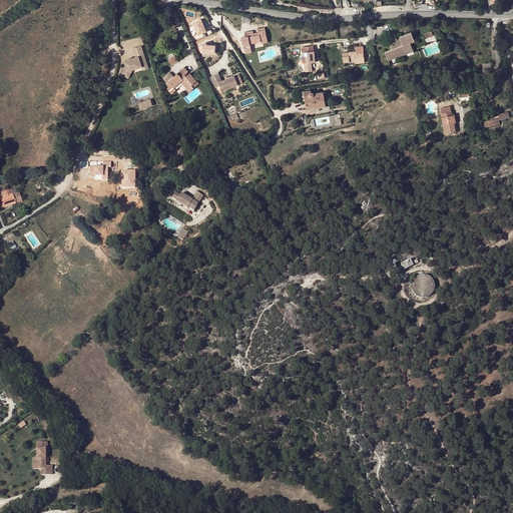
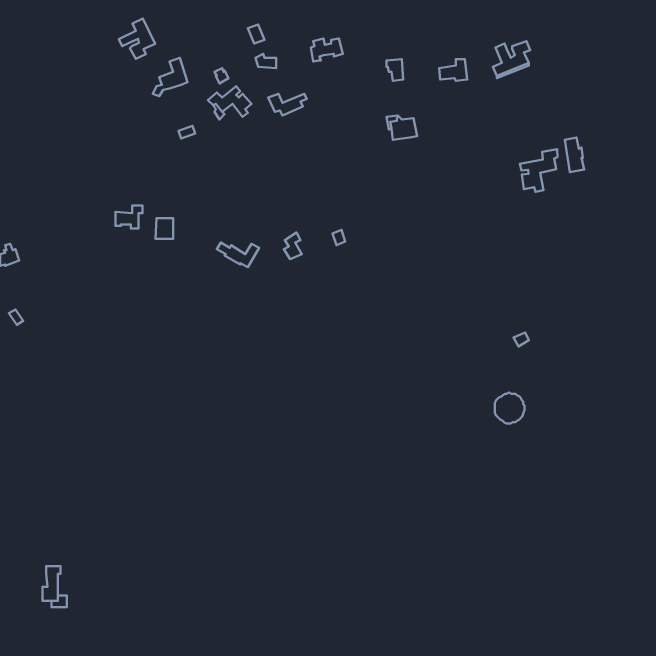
building: none -> [119,19,155,59]
building: none -> [520,149,558,192]
building: [412,275,435,299] -> [495,393,524,423]

